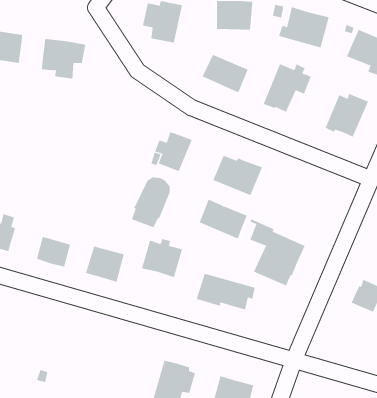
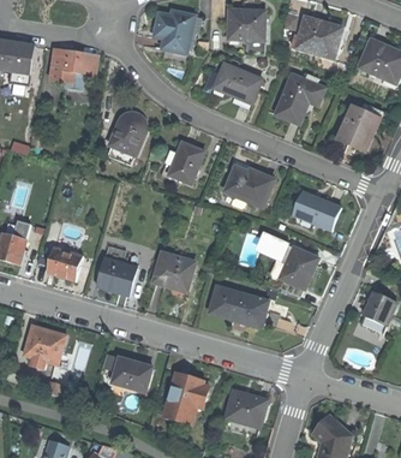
building: [131,177,171,228] -> [106,112,145,163]
building: [199,199,248,239] -> [291,189,340,230]
building: none -> [23,325,65,368]
building: none -> [110,356,151,392]

